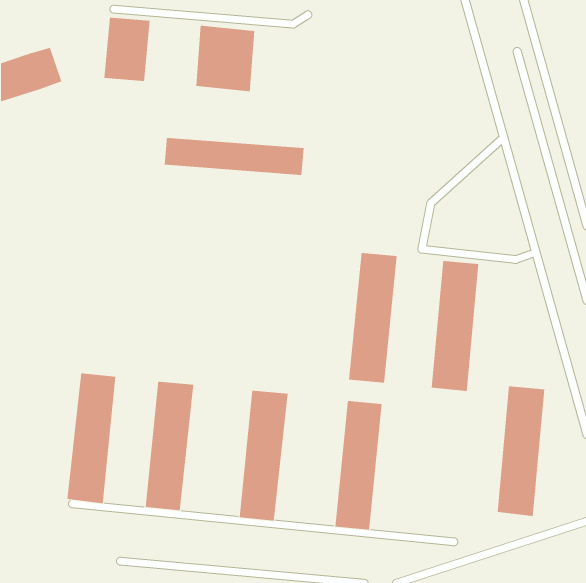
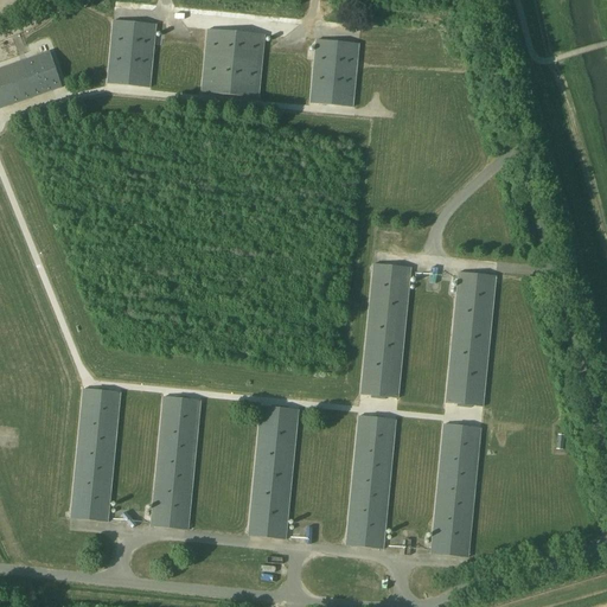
building: none -> [311,37,359,104]
building: [164,137,304,176] -> none
building: [497,386,545,517] -> [432,422,481,557]

